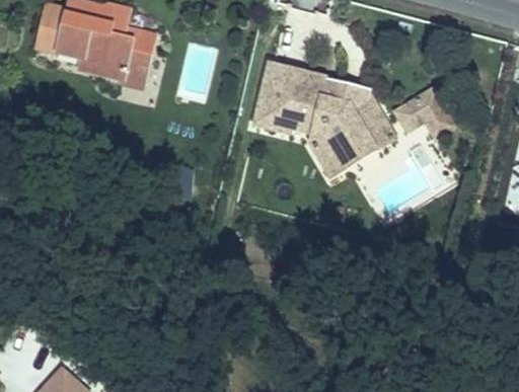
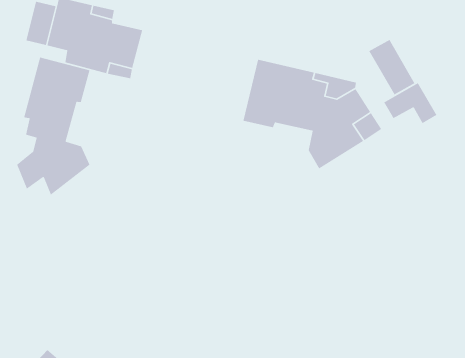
building: none -> [368,39,415,96]
building: none -> [16,57,91,196]

